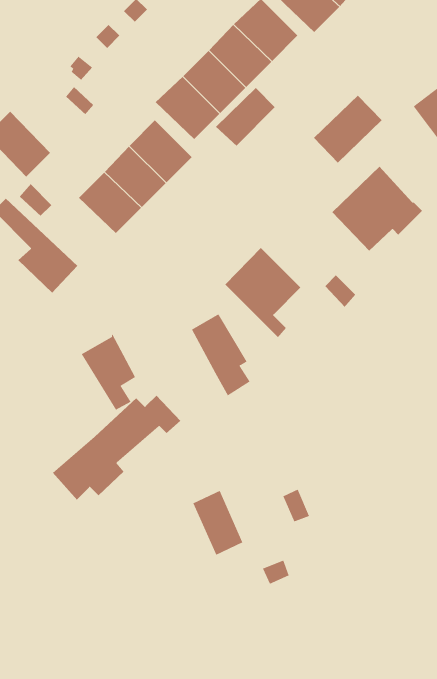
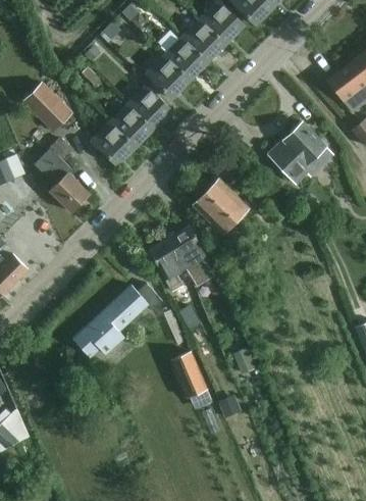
building: [215,87,276,146] -> none
building: [313,95,382,163] -> none
building: [81,334,136,411] -> [148,237,187,291]

